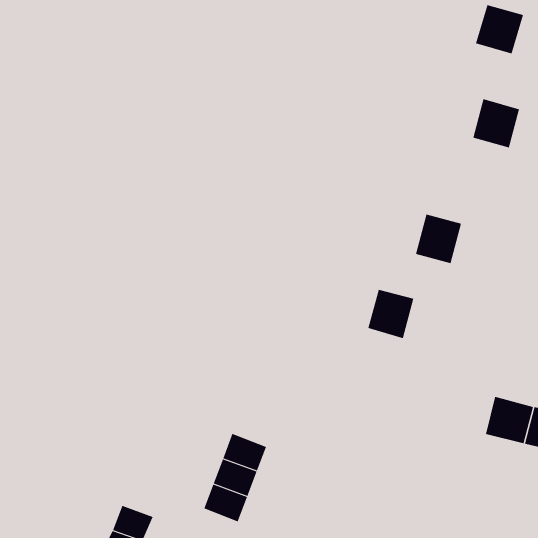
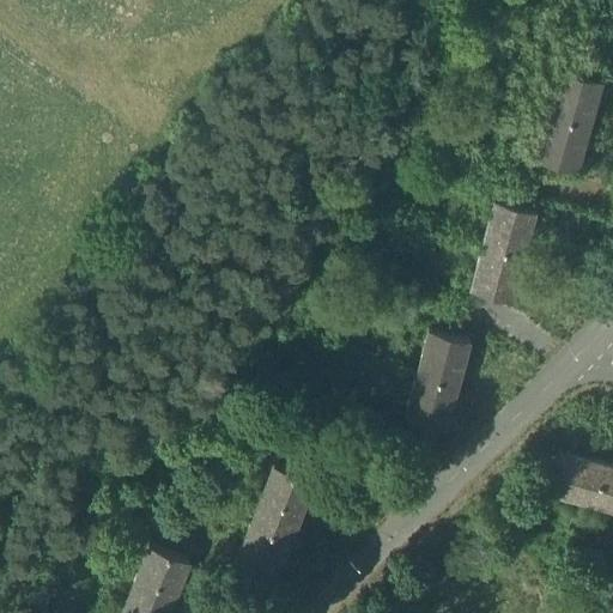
building: [475,4,524,54] -> [550,71,605,127]
building: none -> [485,200,538,256]
building: none -> [407,375,460,431]
building: none -> [266,465,316,509]
building: none -> [141,546,188,588]

